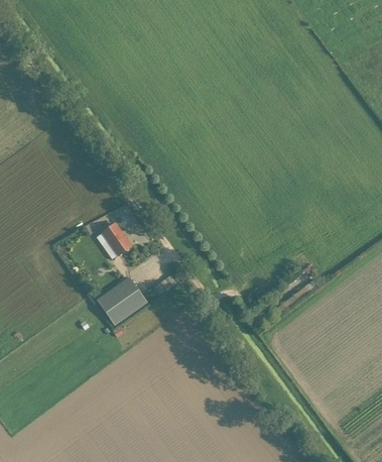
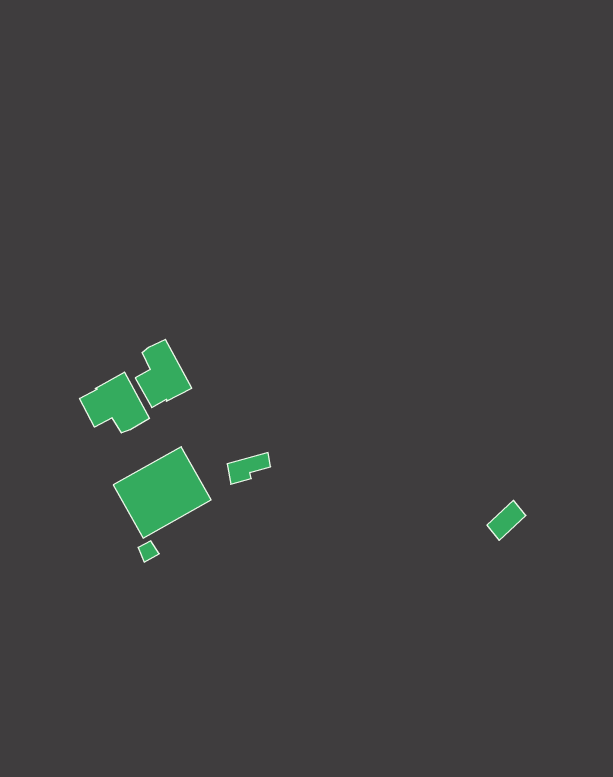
building: none -> [80,372,149,433]

